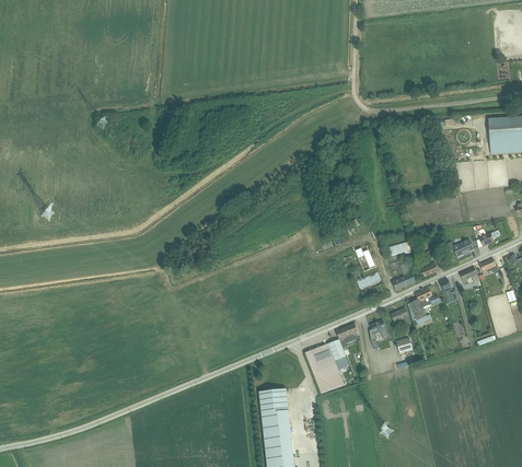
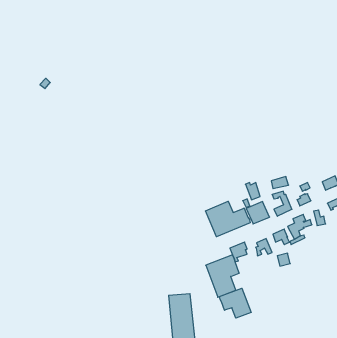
building: none -> [205,201,250,237]
building: none -> [219,288,251,318]

